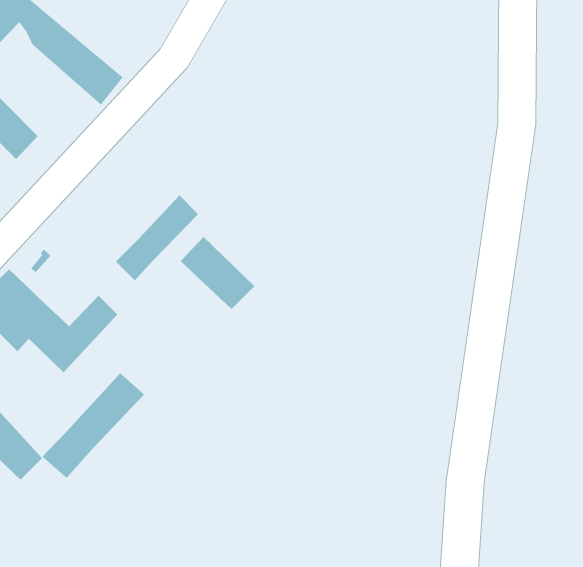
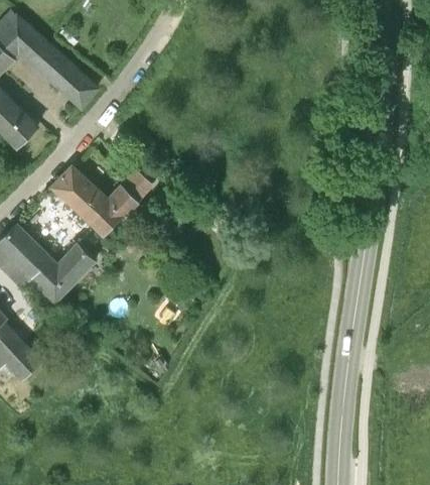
building: [180,236,255,310] -> [54,167,109,221]
building: [42,372,145,479] -> none

